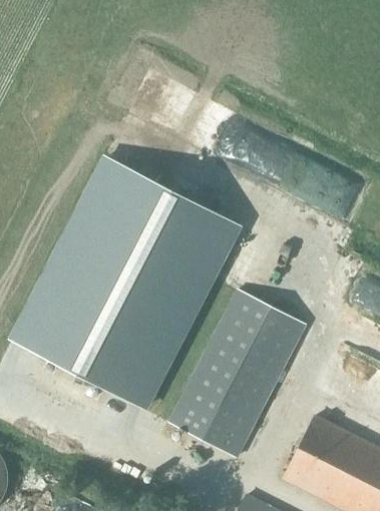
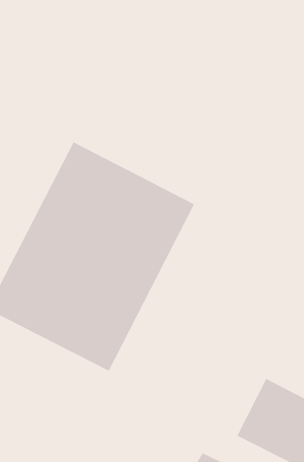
building: [169,291,306,456] -> none

